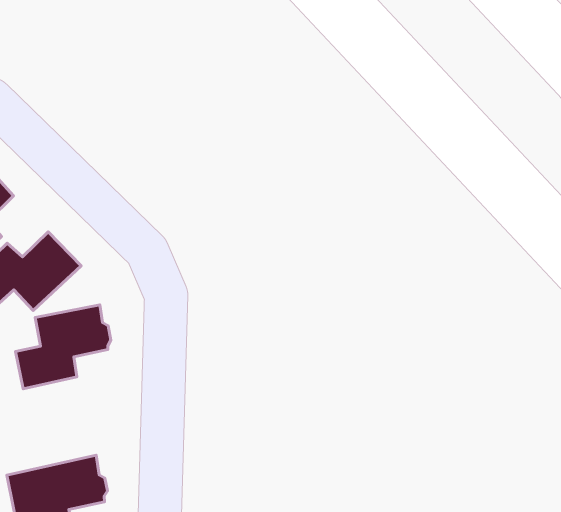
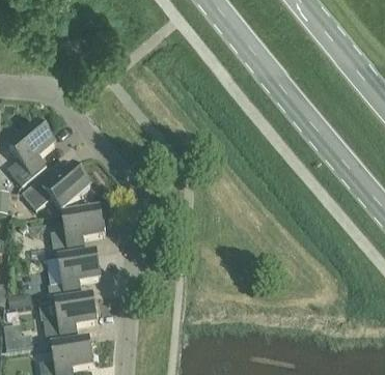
building: none -> [48,250,101,296]

